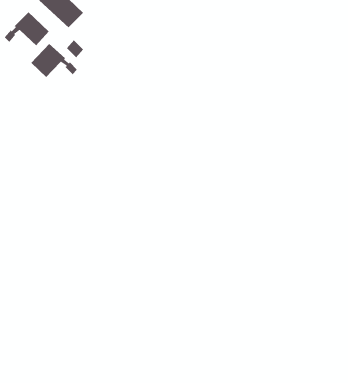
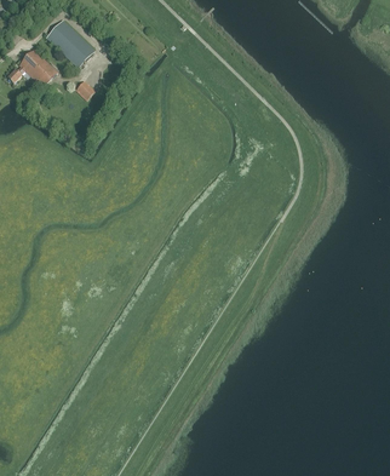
building: [31,43,78,78] -> none

